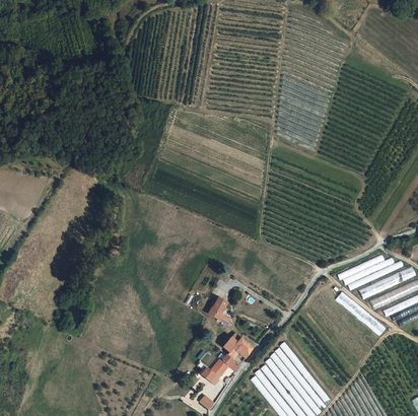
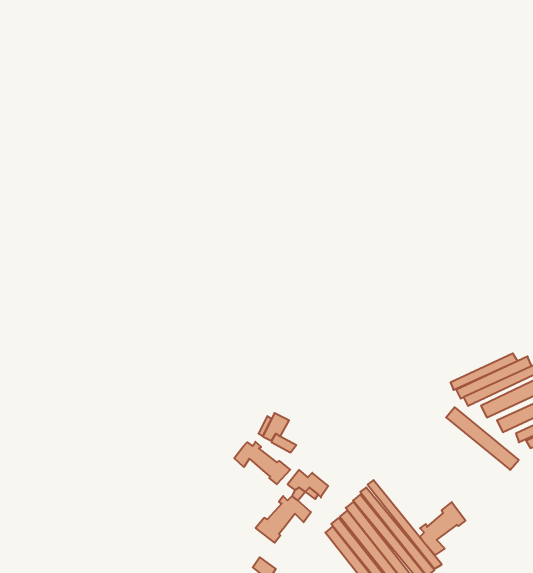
building: none -> [234,442,290,484]
building: none -> [420,502,465,555]

